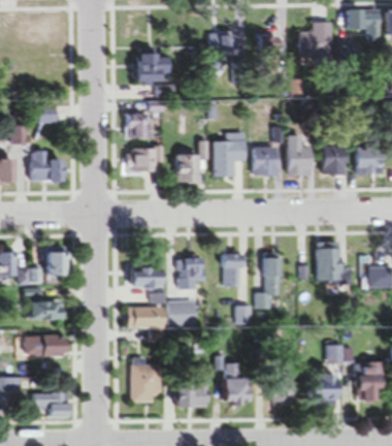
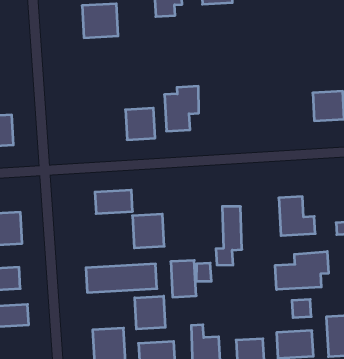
building: [125,101,169,137] -> none
building: [286,134,312,174] -> none
building: [321,145,345,174] -> none
building: [129,147,160,170] -> none
building: [253,147,279,177] -> none
building: [221,251,243,285] -> [171,260,196,297]
building: [130,266,165,287] -> [95,190,133,214]
building: none -> [275,251,328,290]
building: none -> [135,296,165,329]

